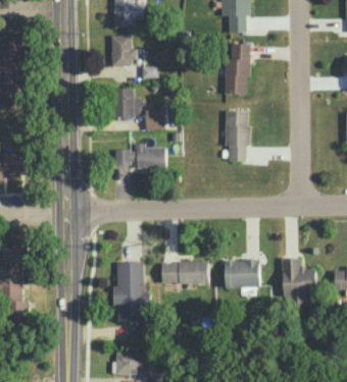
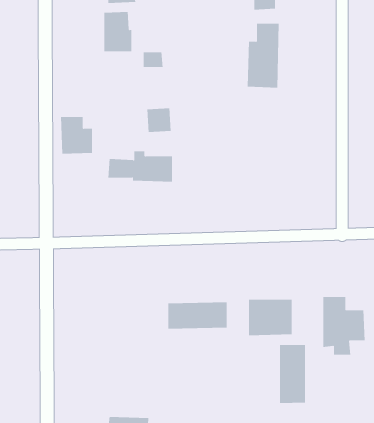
building: [114,89,140,118] -> [60,117,93,154]
building: [225,111,248,162] -> none
building: [112,262,150,323] -> none
building: none -> [280,344,306,404]

